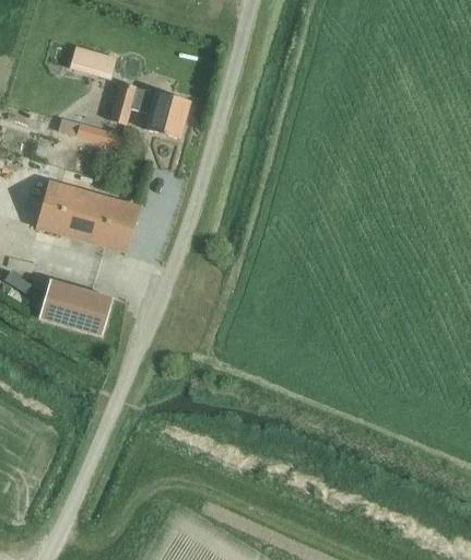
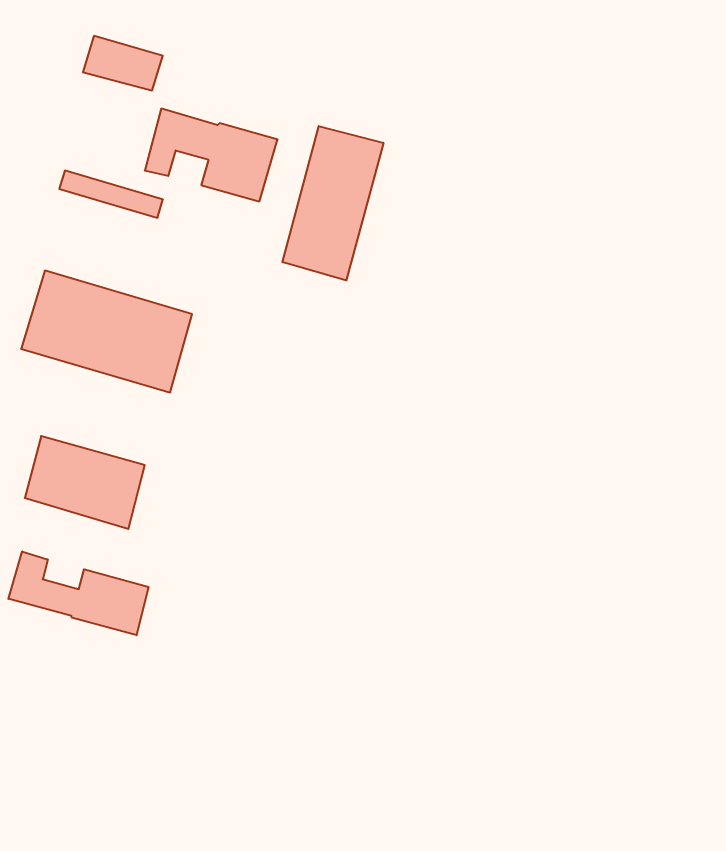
building: none -> [282,126,383,280]
building: none -> [8,551,148,635]

